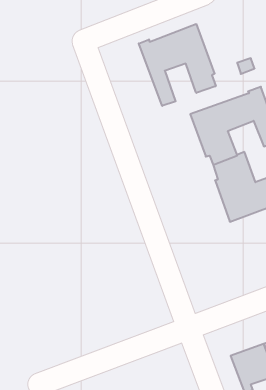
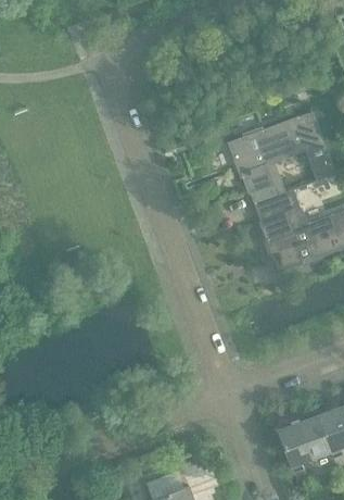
building: [139,24,216,106] -> none

